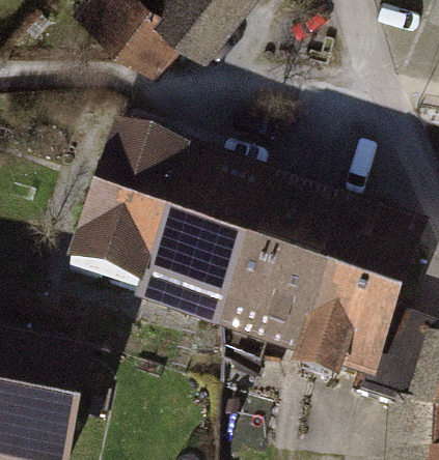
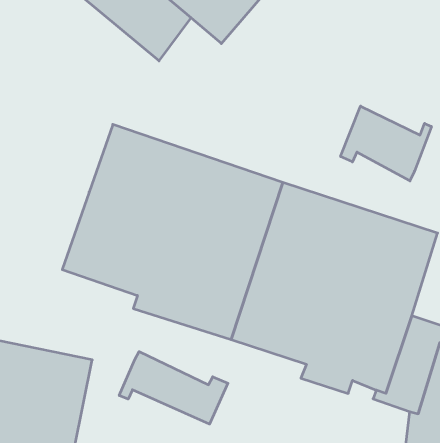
building: none -> [341,106,431,181]
building: none -> [119,352,228,424]

